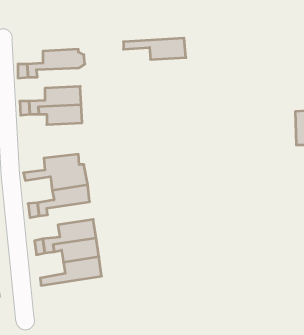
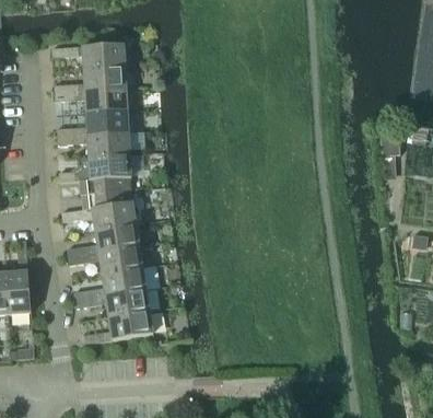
building: [123,38,186,59] -> [51,44,125,69]
building: none -> [75,89,127,113]
building: none -> [58,153,130,195]
building: none -> [87,246,142,274]

